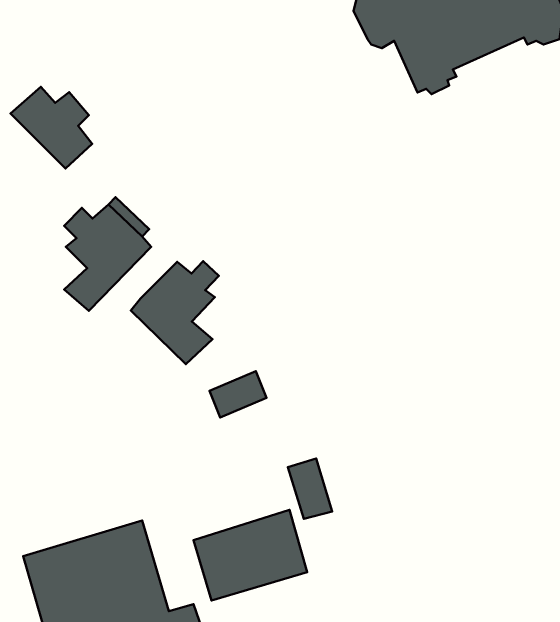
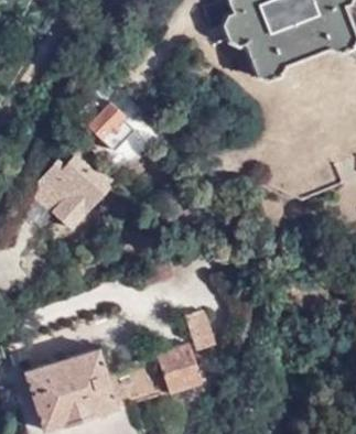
building: [11,87,92,169] -> [75,98,126,149]
building: [131,261,219,364] -> none

